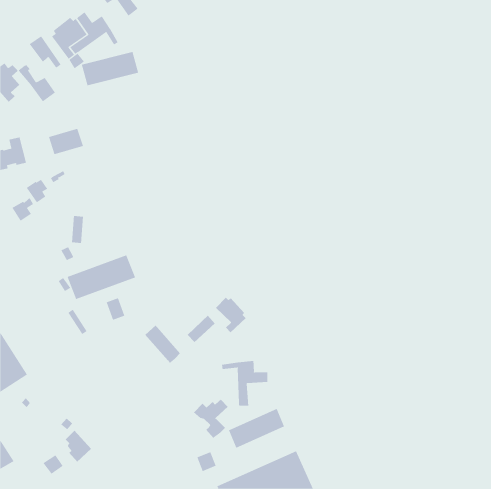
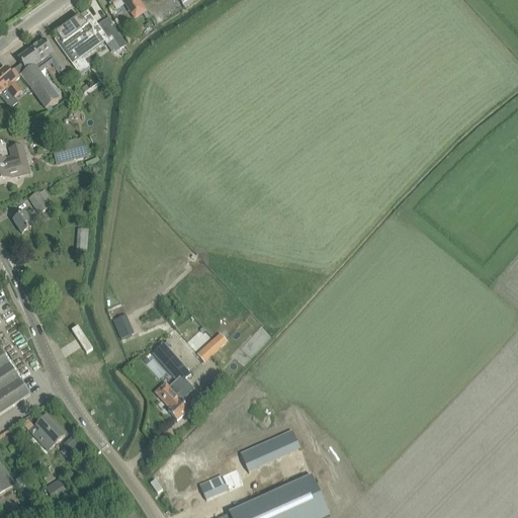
building: none -> [17,47,48,86]
building: [81,51,139,86] -> none
building: [67,255,136,300] -> none
building: [215,297,246,333] -> none
building: [221,360,268,407] -> none
building: [193,399,229,438] -> [155,377,192,419]
building: [65,430,92,462] -> [35,414,64,448]

